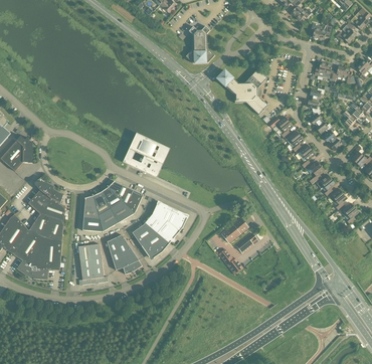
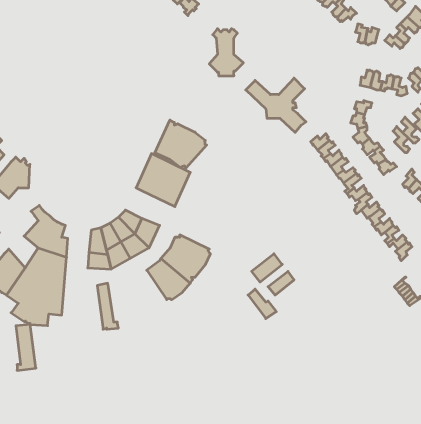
building: none -> [155,120,207,168]
building: [107,233,142,274] -> none
building: [77,244,95,284] -> [16,324,36,370]

